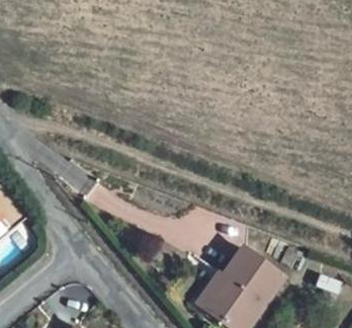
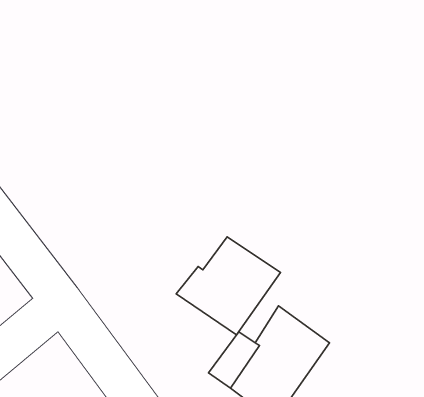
building: none -> [176,237,280,335]

